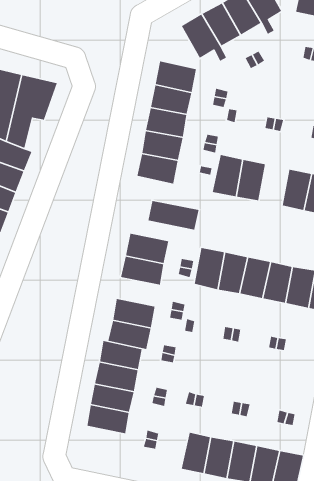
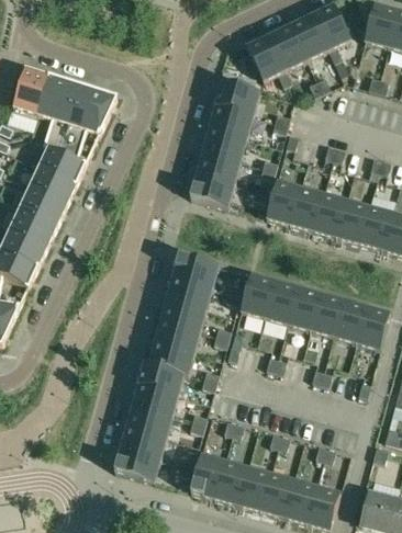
building: none -> [313,192,346,236]
building: [148,200,199,230] -> none
building: none -> [160,297,206,329]
building: none -> [114,446,160,480]
building: none -> [190,453,225,497]

